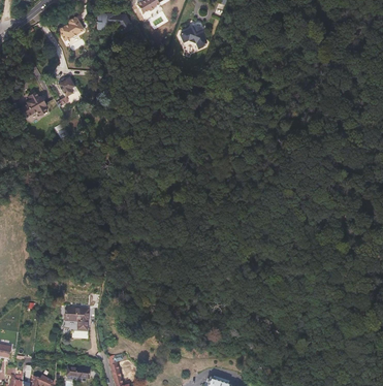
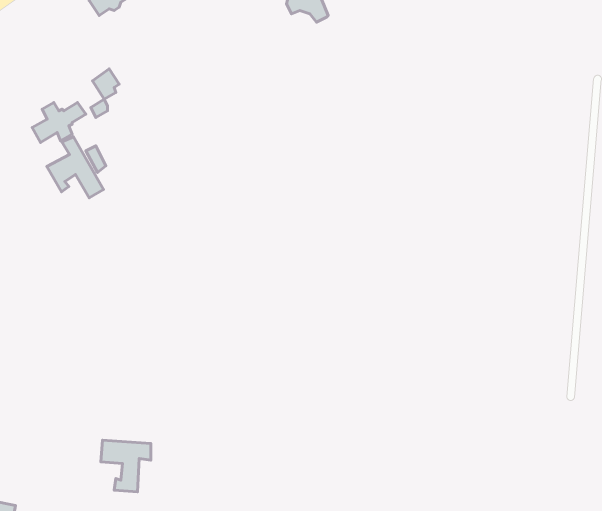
building: none -> [47,137,104,198]

